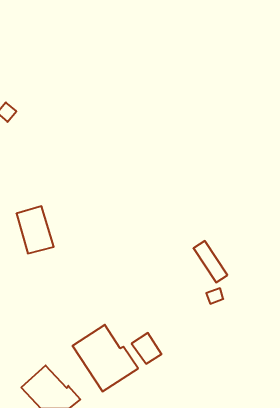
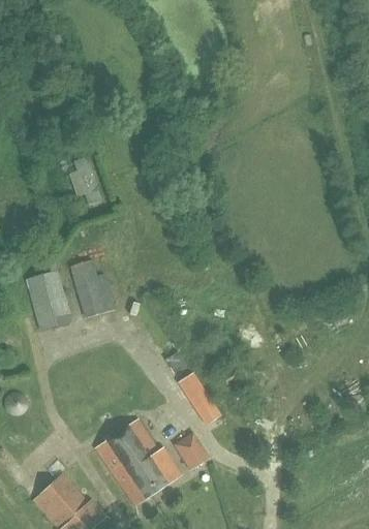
building: none -> [69,260,117,317]
building: [193,241,227,282] -> [177,372,220,425]

